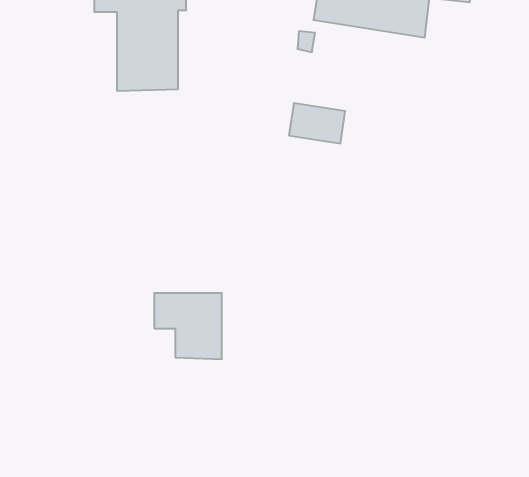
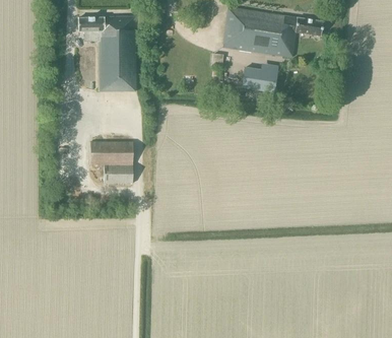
building: [289,103,345,144] -> [242,67,277,92]
building: [154,293,222,359] -> [90,142,133,184]

